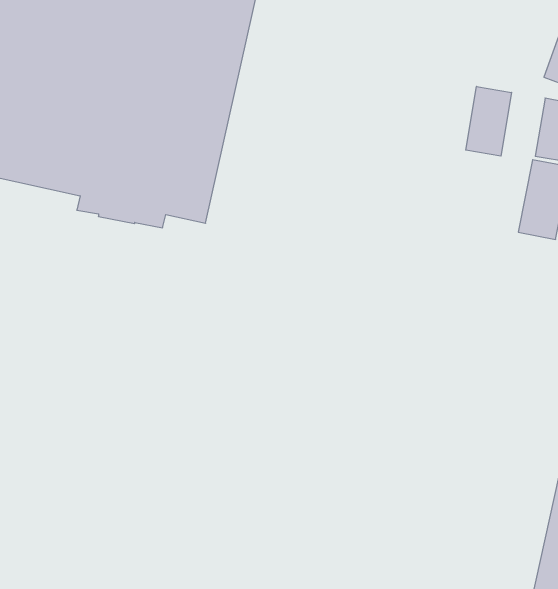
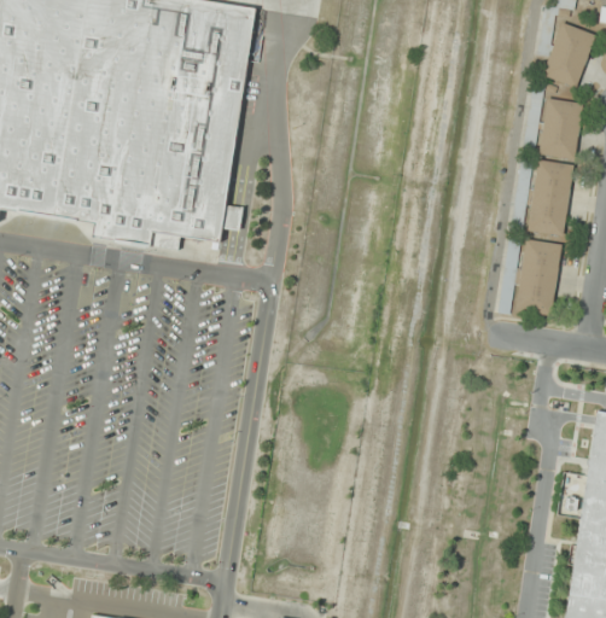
building: [466,86,512,156] -> none
building: none -> [515,239,561,316]

